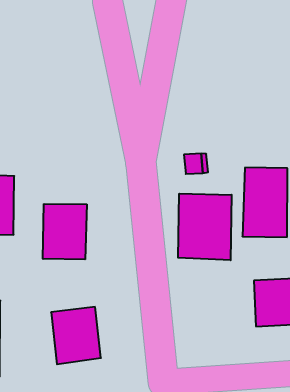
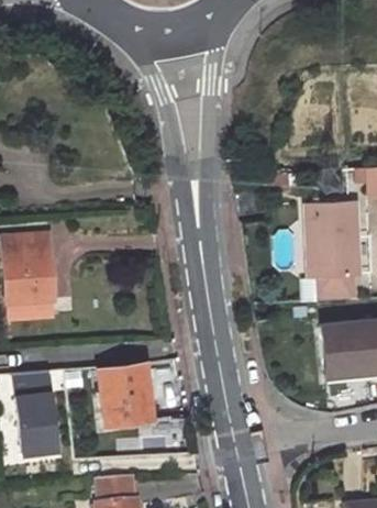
building: [178,194,232,260] -> none
building: [43,204,87,259] -> none

